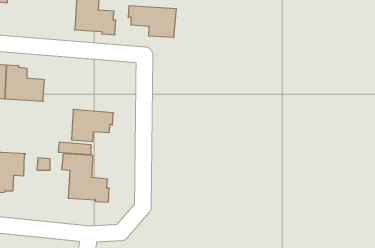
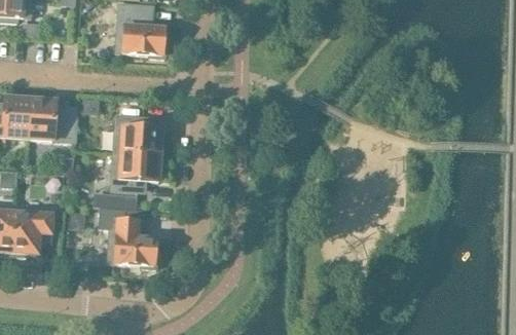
building: [128,6,176,38] -> none
building: none -> [113,114,164,155]

